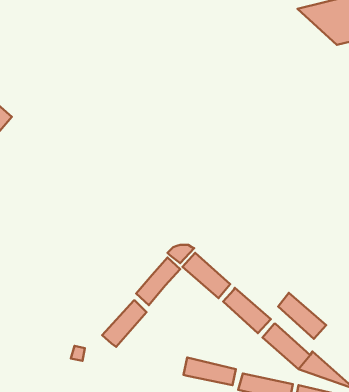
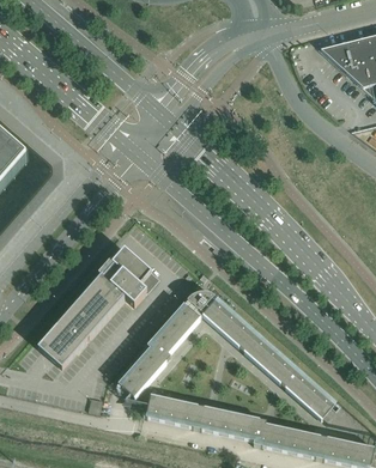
building: none -> [38,248,152,367]
building: [278,293,326,339] -> none
building: none -> [146,396,201,425]

